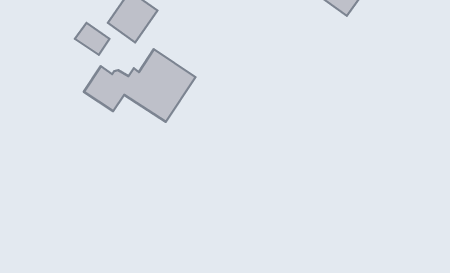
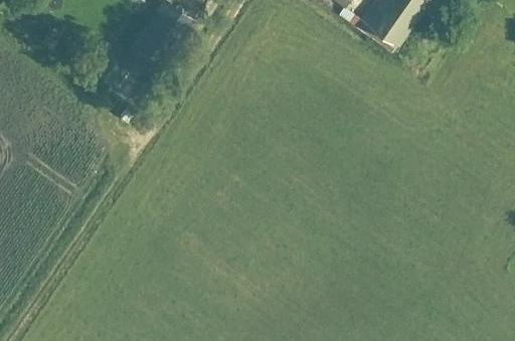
building: [84,49,196,122] -> none

